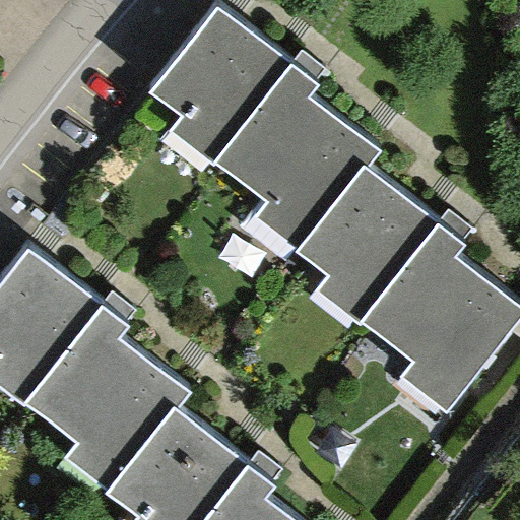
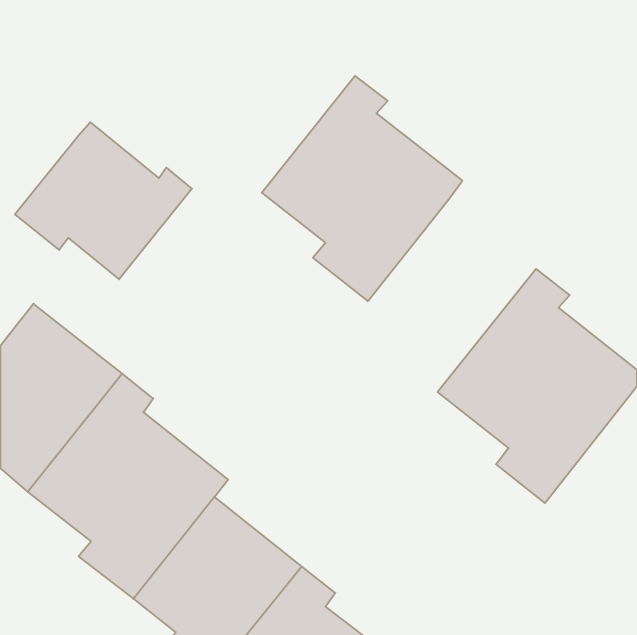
building: [149,6,289,158] -> none
building: none -> [15,122,192,279]
building: [300,164,437,321] -> none

